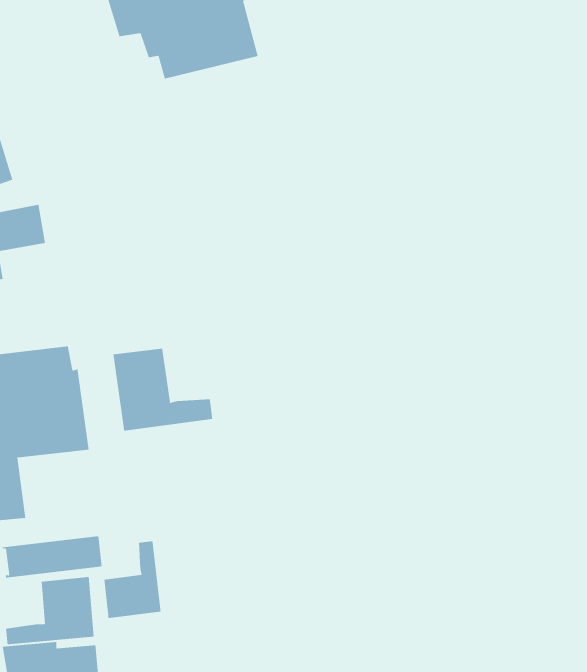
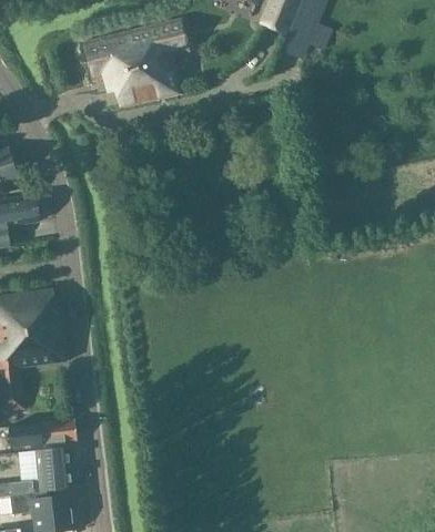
building: [113,348,213,431] -> none
building: [104,540,161,619] -> none

